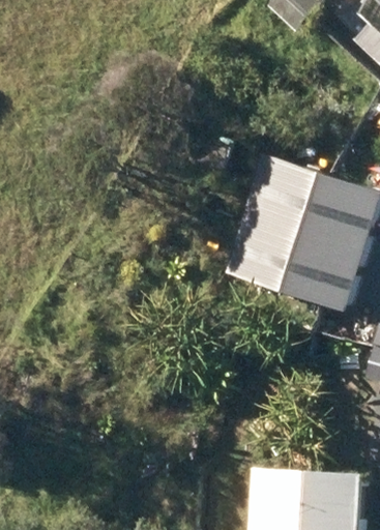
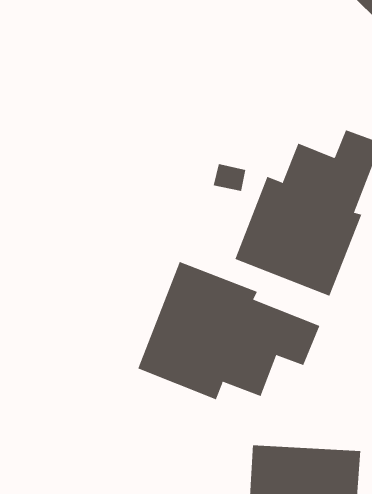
building: none -> [137,261,320,400]

